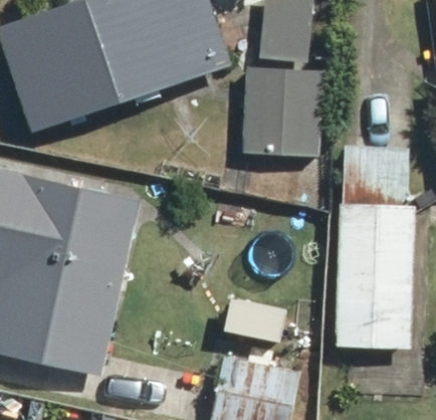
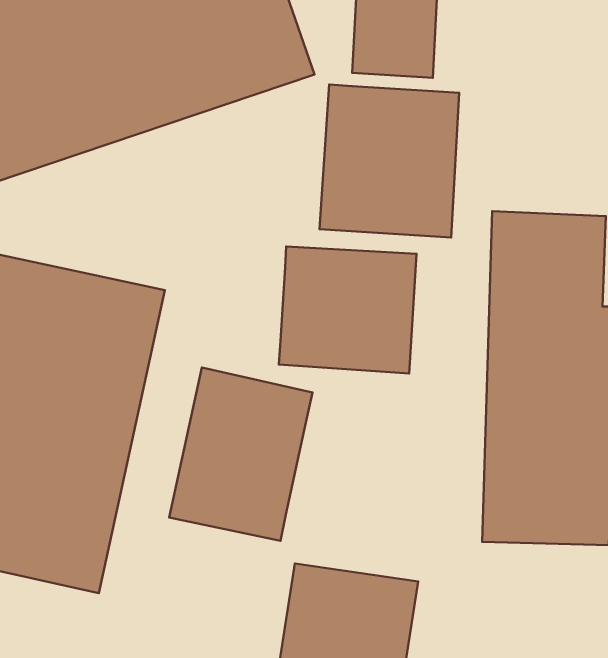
building: none -> [279,247,417,374]
building: none -> [169,368,313,541]

